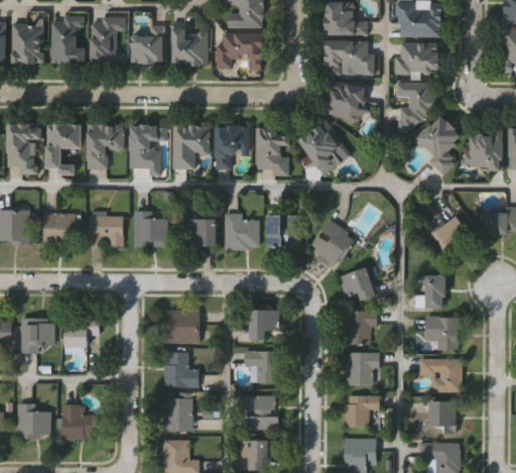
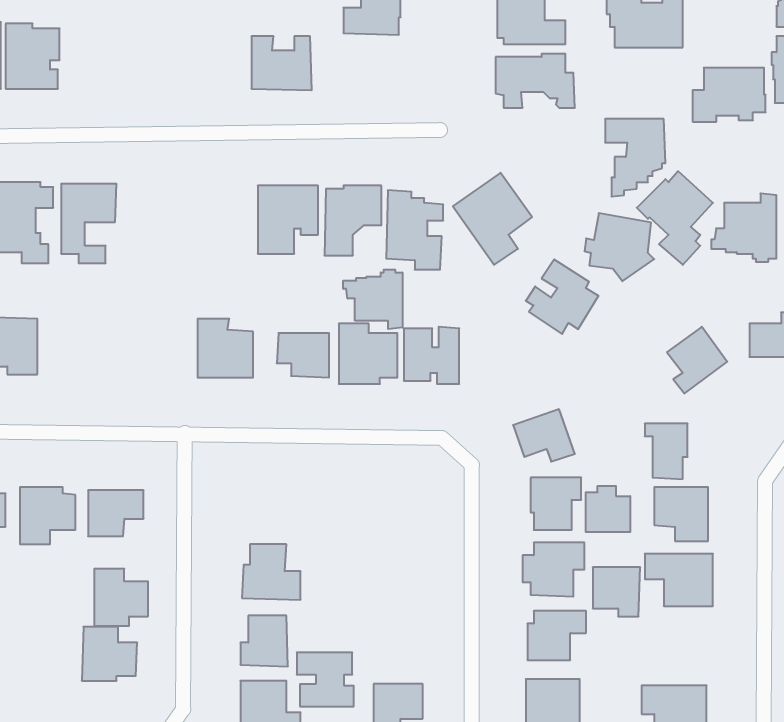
building: [49,15,84,65] -> none
building: [91,16,127,65] -> none
building: [131,24,167,66] -> none
building: [215,33,262,71] -> none
building: [394,41,440,76] -> [693,68,766,122]
building: [325,81,369,124] -> [584,213,654,281]
building: [86,124,126,169] -> none
building: [131,125,168,175] -> none
building: none -> [343,270,402,329]
building: [88,210,125,246] -> none
building: [42,212,76,246] -> none
building: [310,219,357,266] -> [526,259,599,334]
building: [162,310,201,344] -> none
building: [249,310,277,340] -> none
building: none -> [586,486,630,532]
building: [242,348,279,381] -> none
building: [242,394,278,429] -> [297,652,354,706]
building: [429,400,460,432] -> [593,567,640,616]
building: [16,403,50,440] -> [94,569,148,626]

